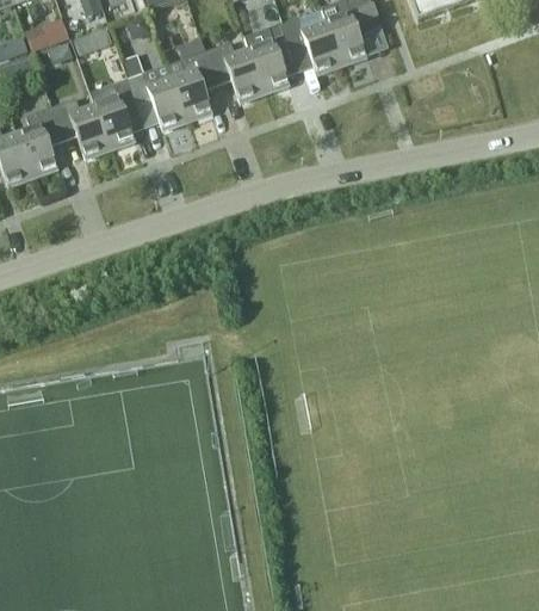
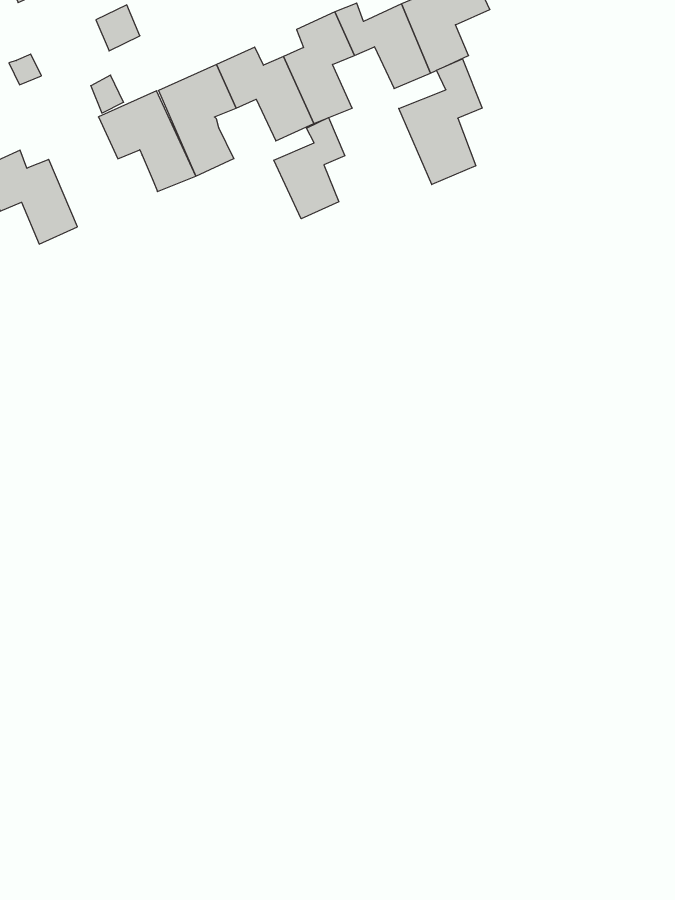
building: none -> [399,59,482,185]
building: [92,79,140,148] -> none
building: none -> [274,118,345,219]

